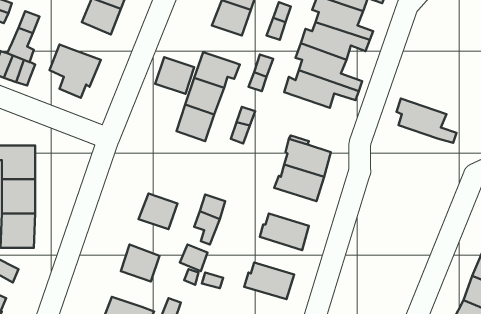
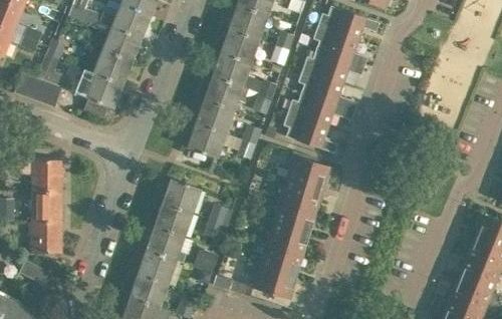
building: none -> [93,49,130,83]
building: [155,57,194,94] -> [213,52,248,85]
building: [396,98,456,143] -> [282,112,336,152]
building: none -> [164,180,199,213]
building: none -> [272,199,315,233]
building: none -> [147,227,185,263]
building: none -> [259,243,302,277]
building: none -> [131,274,166,306]

